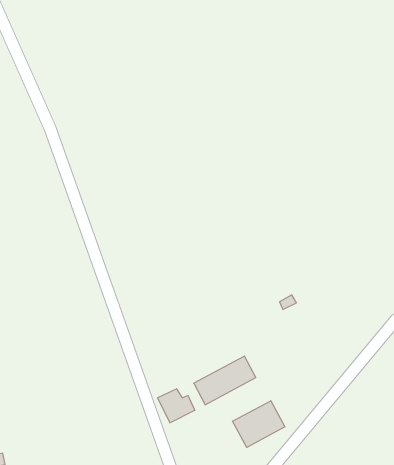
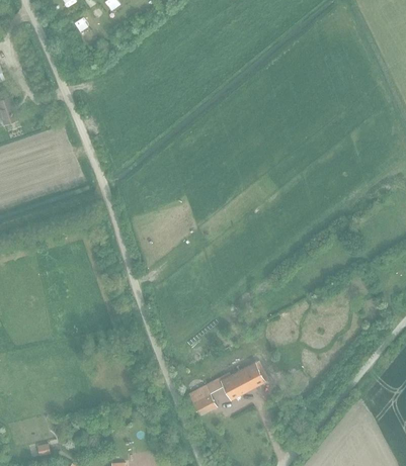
building: [233,401,285,447] -> none

